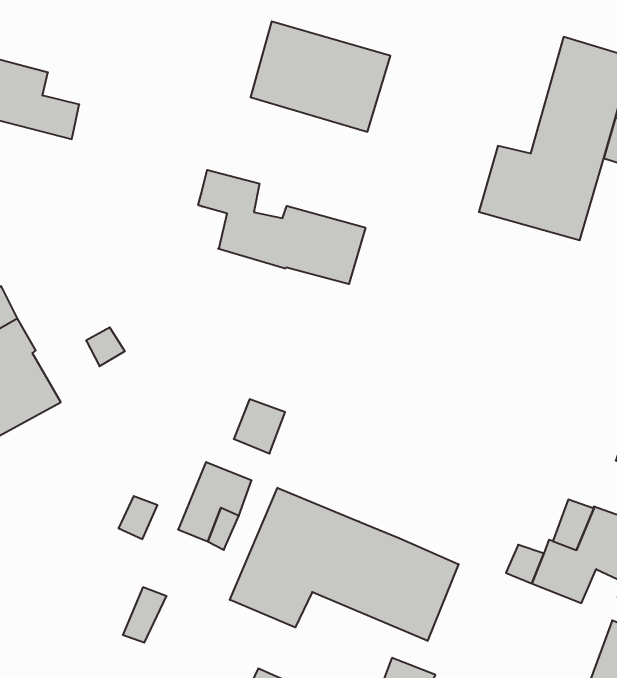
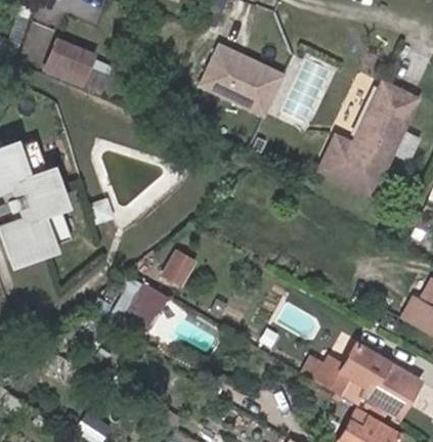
building: none -> [284,56,335,122]
building: [198,170,365,284] -> none
building: [230,488,459,641] -> none

